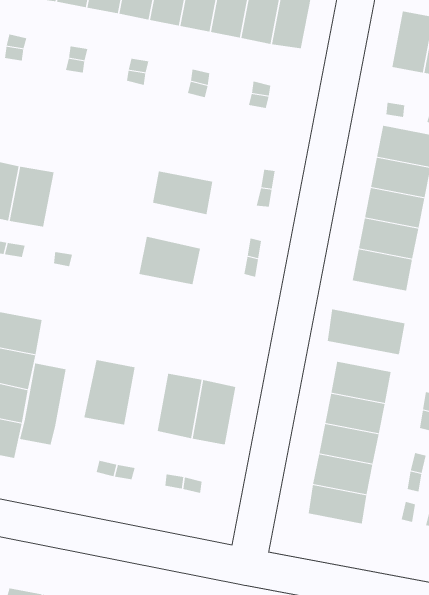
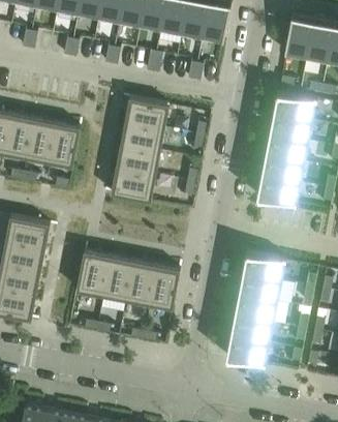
building: none -> [126,99,167,131]
building: none -> [49,125,79,168]
building: none -> [118,146,159,177]
building: [327,308,405,355] -> none
building: [19,363,67,445] -> [100,258,132,313]

